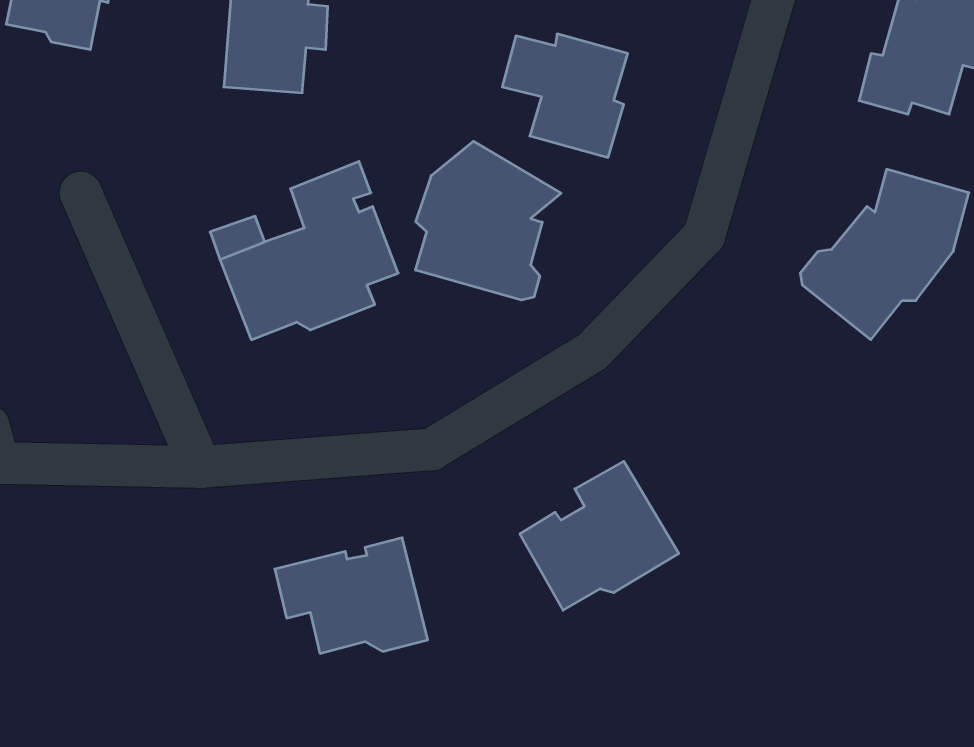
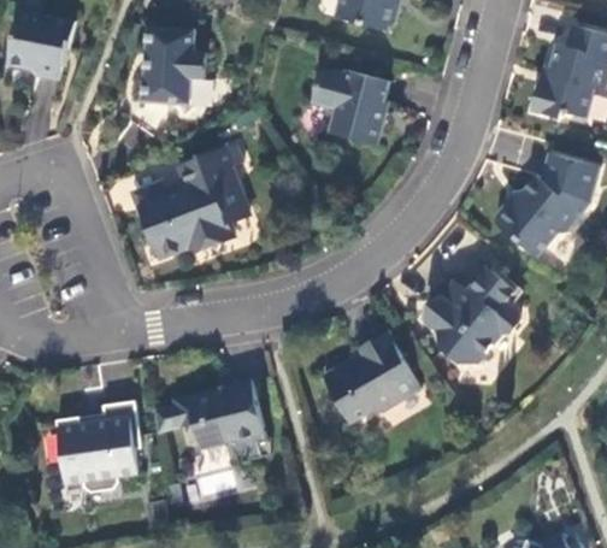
building: [416,141,561,300] -> none
building: none -> [429,267,519,361]
building: none -> [57,401,141,491]

